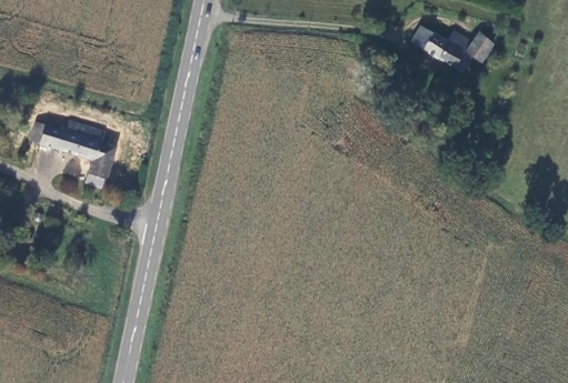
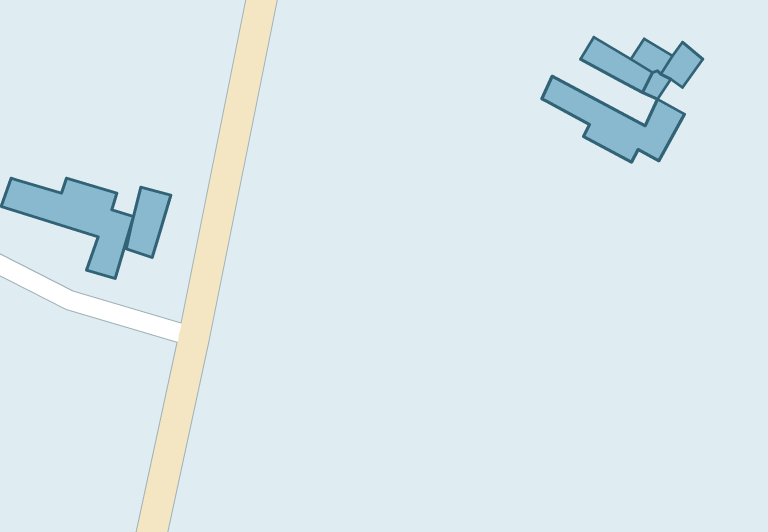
building: none -> [542,76,684,162]
building: none -> [126,187,171,257]

